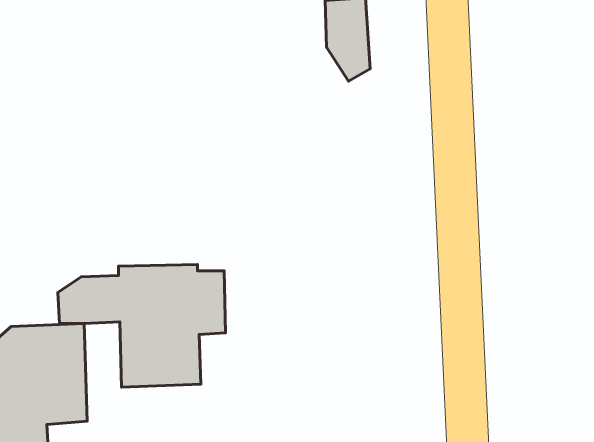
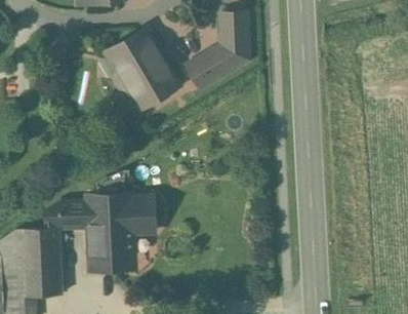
building: none -> [108,31,177,108]
building: none -> [187,45,235,88]

